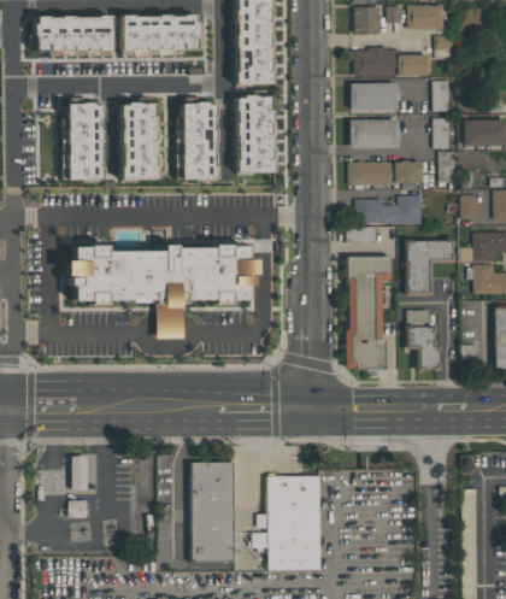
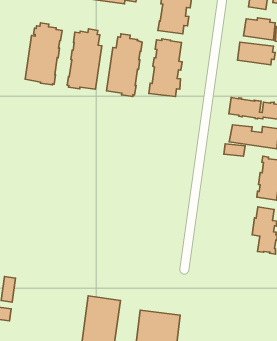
building: [351,119,401,148] -> none
building: [65,243,254,337] -> none
building: [346,256,393,369] -> none

